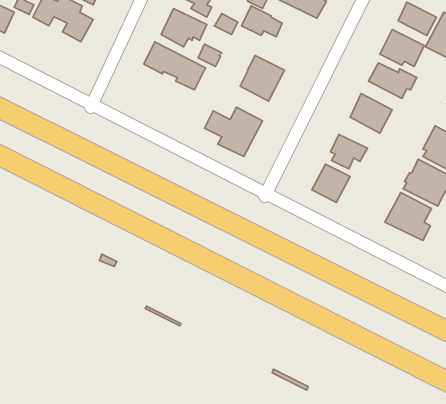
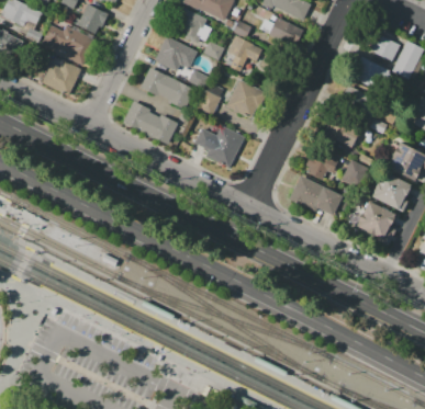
building: none -> [43,60,83,96]
building: none -> [197,83,223,115]
building: none -> [123,101,179,146]
building: none -> [342,159,371,190]
building: none -> [314,186,343,215]

